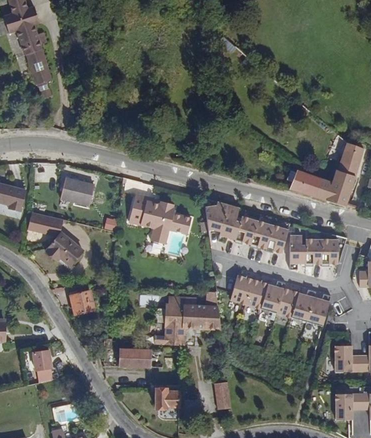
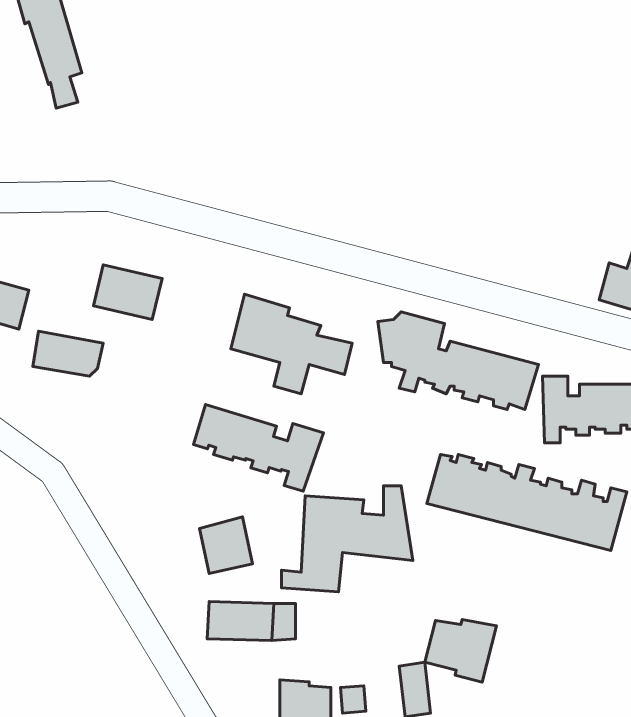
building: [290,168,322,196] -> none
building: [47,231,85,268] -> none
building: none -> [193,405,324,491]
building: [68,290,95,319] -> [199,517,252,574]
building: [31,351,52,381] -> none
building: none -> [425,620,496,682]

